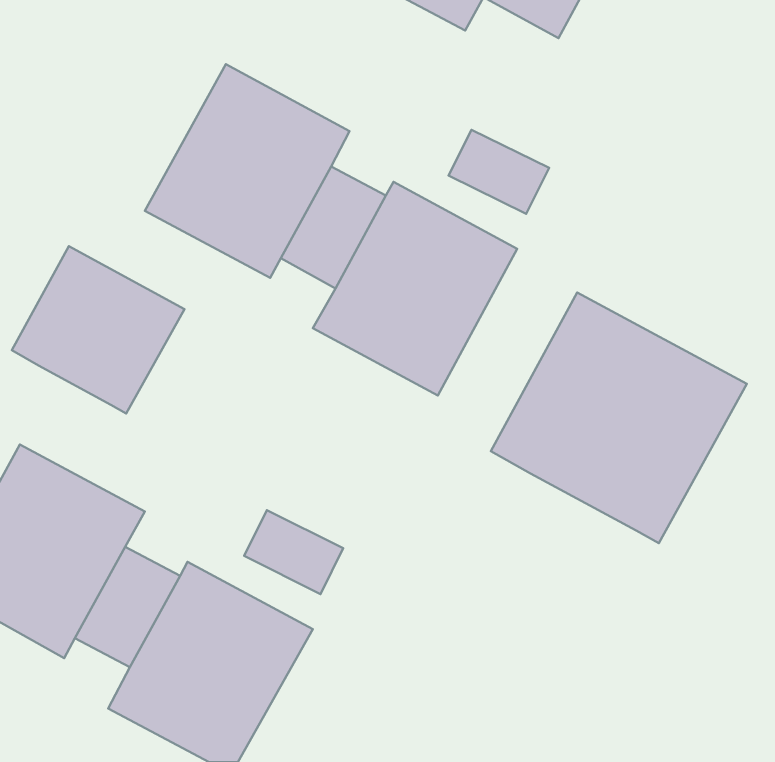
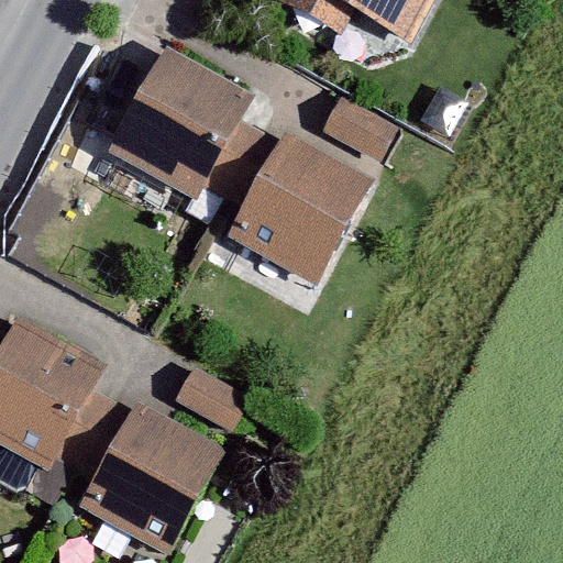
building: [12,246,185,414] -> none
building: [491,293,747,543] -> none

